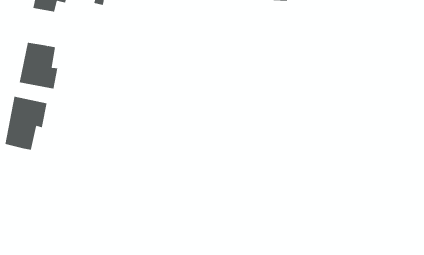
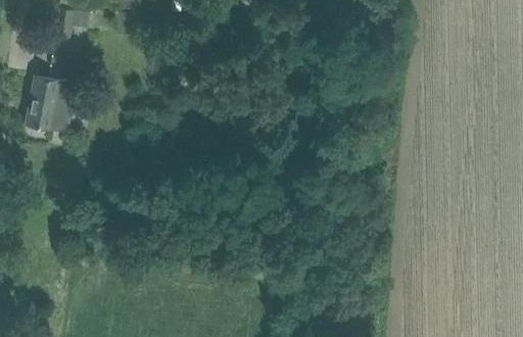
building: [5,96,47,151] -> none

